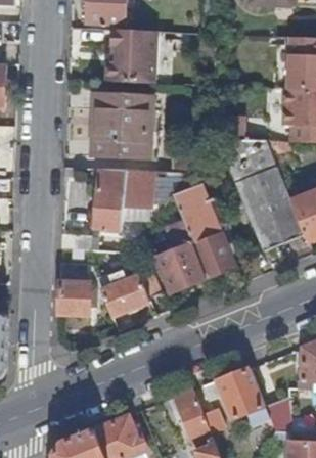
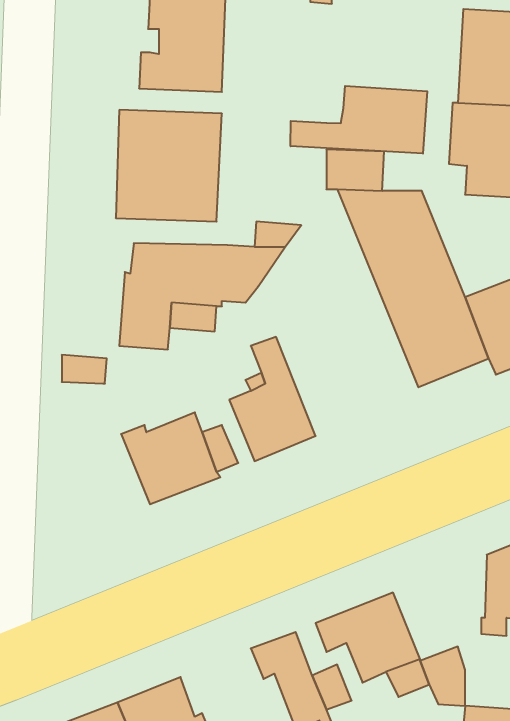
building: none -> [291,86,427,154]
building: [172,184,234,279] -> none
building: [57,264,90,316] -> none

